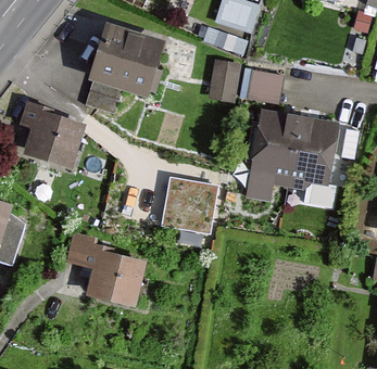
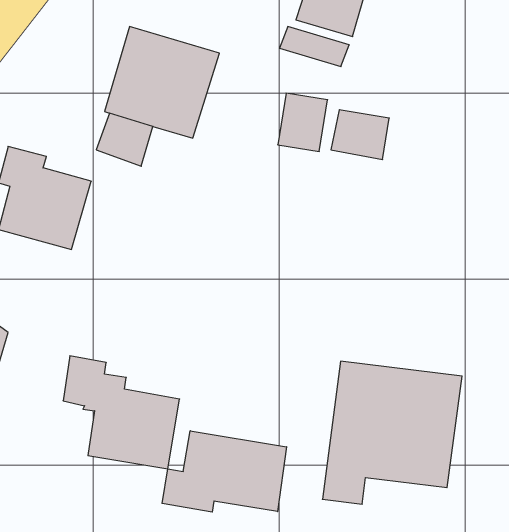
building: [244,112,336,205] -> [322,361,462,504]
building: [166,175,219,228] -> none
building: none -> [162,431,287,512]

